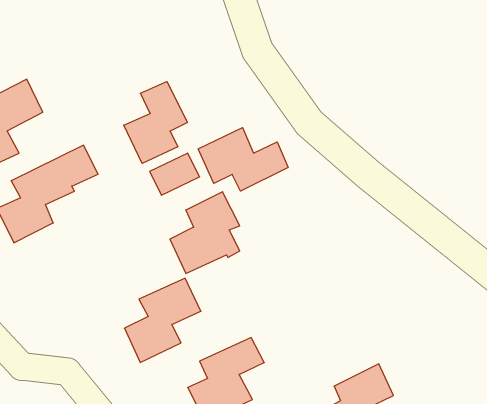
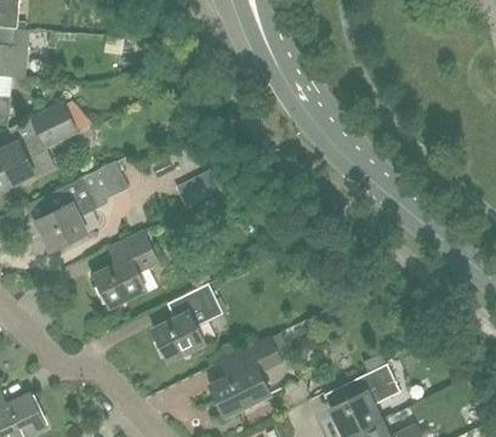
building: [124,82,187,163] -> none
building: [198,128,288,191] -> none
building: [170,192,240,273] -> [93,231,158,306]

